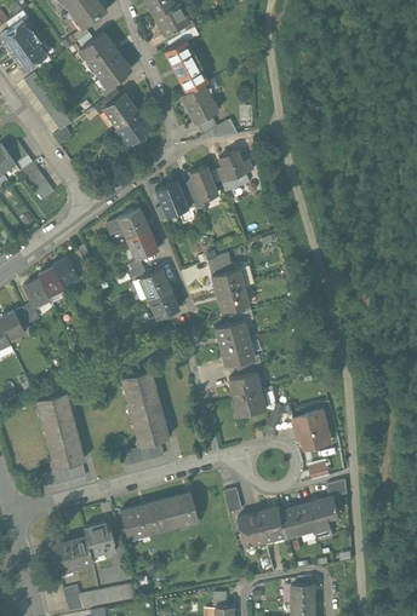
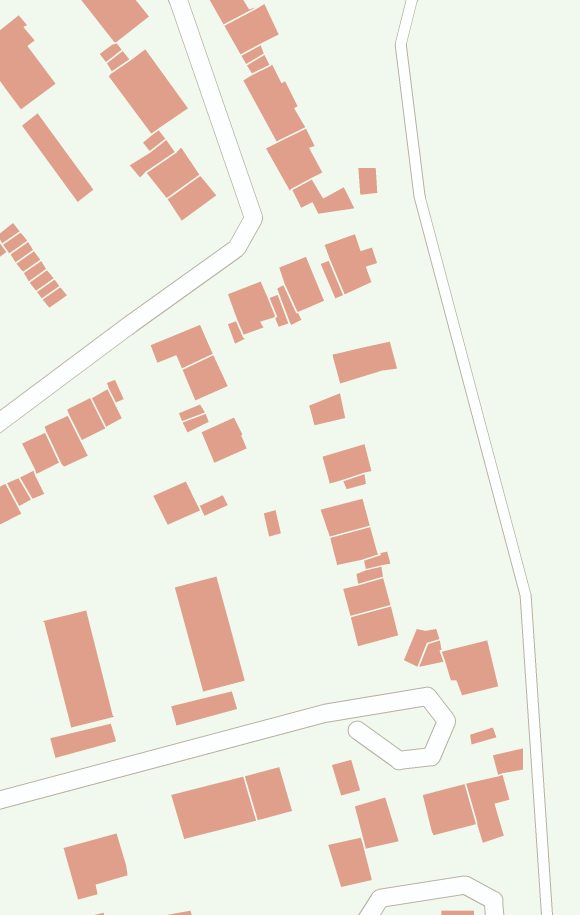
building: [211,265,253,293] -> [332,341,398,384]
building: [147,288,178,317] -> [152,481,201,526]
building: [257,506,286,539] -> [327,837,373,888]
building: [82,522,115,554] -> none

